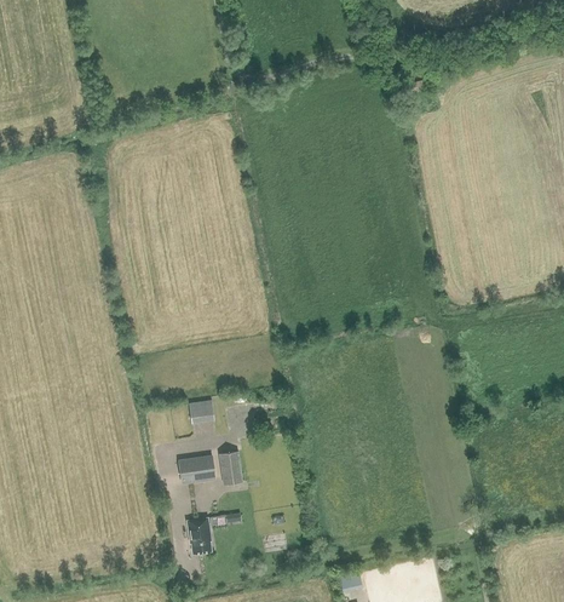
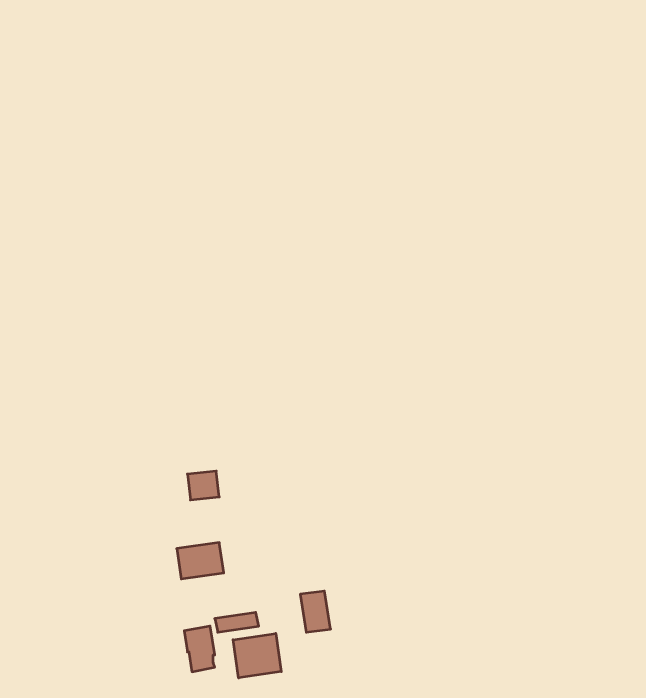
building: [219,452,243,485] -> [300,591,331,632]
building: none -> [233,633,281,678]

